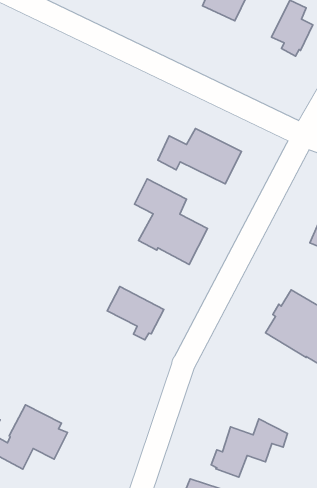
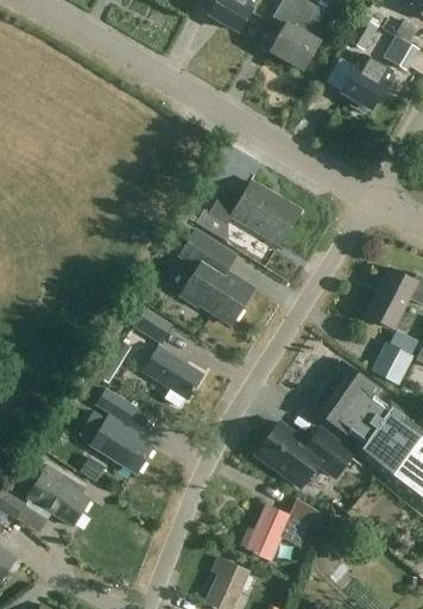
building: none -> [132,306,173,344]
building: none -> [88,388,154,476]
building: none -> [255,422,355,488]

